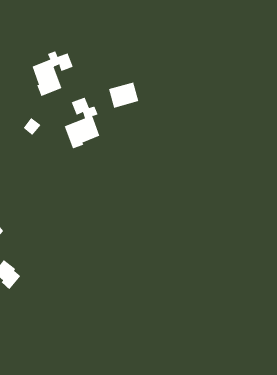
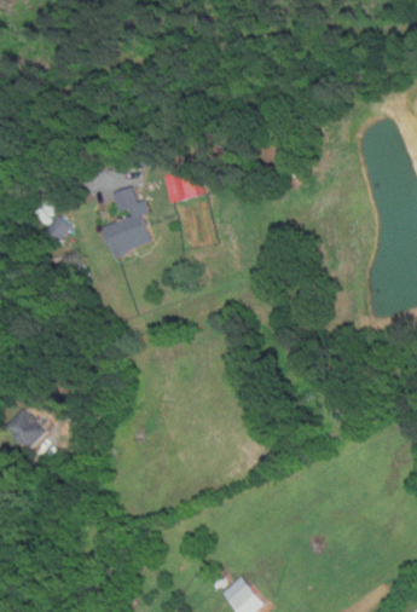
building: [32,51,74,97] -> none

